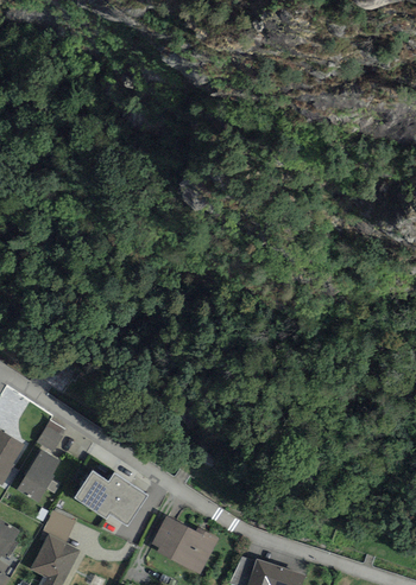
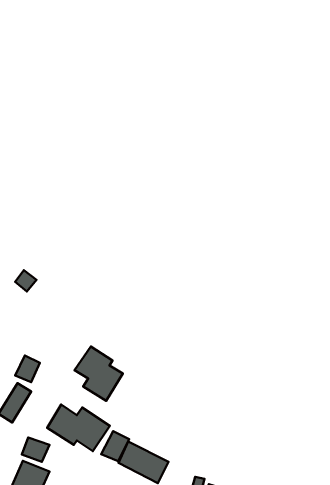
building: none -> [75,347,123,401]
building: none -> [101,431,129,461]

